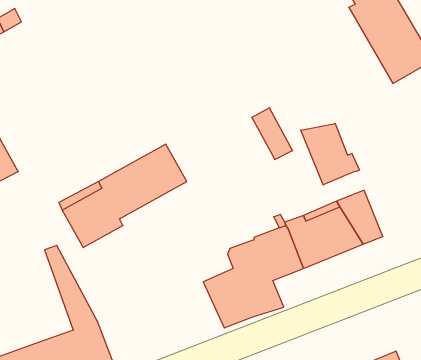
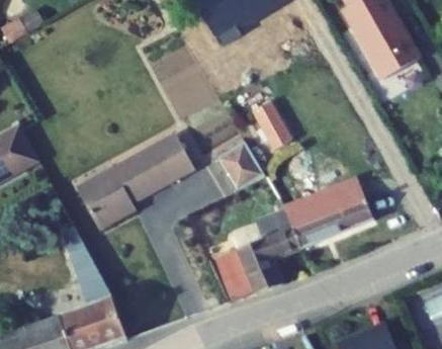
building: [301,123,360,185] -> none
building: none -> [216,141,266,190]

